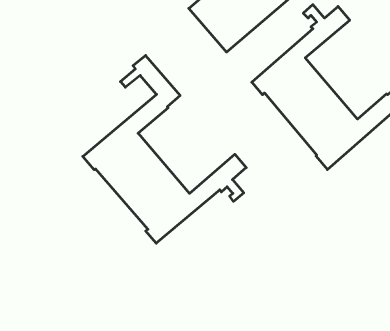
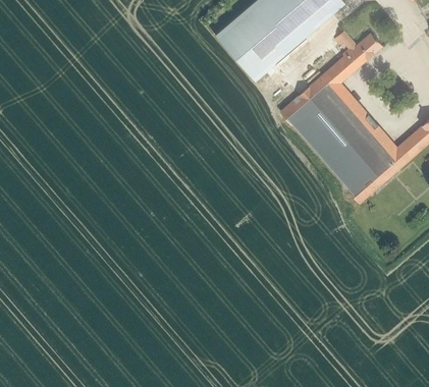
building: [83,55,246,243] -> none

